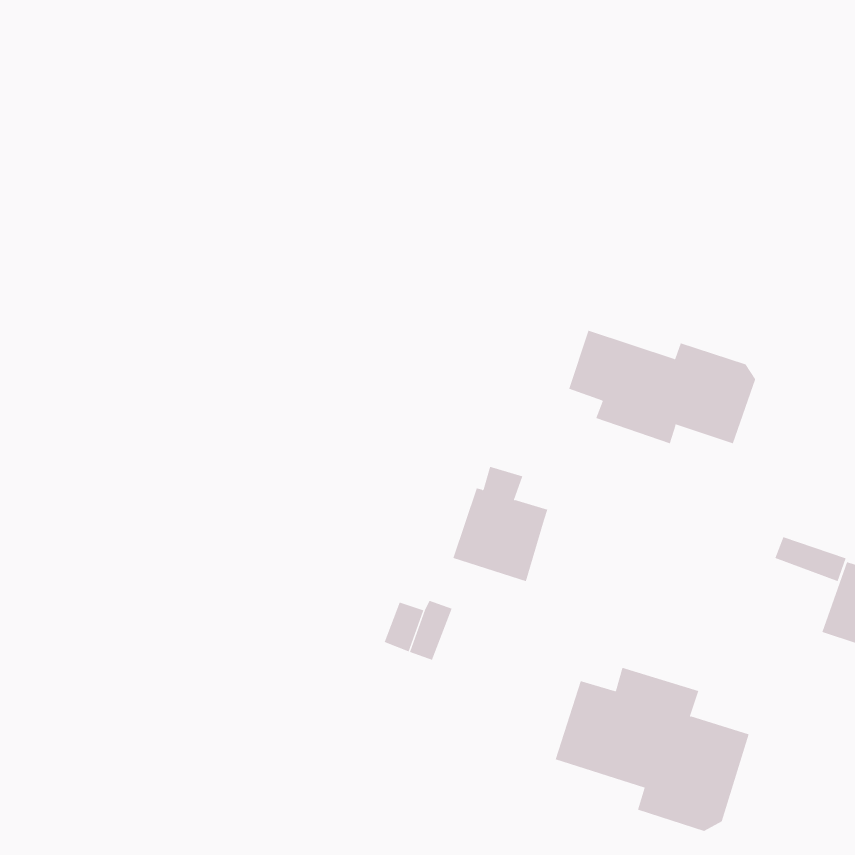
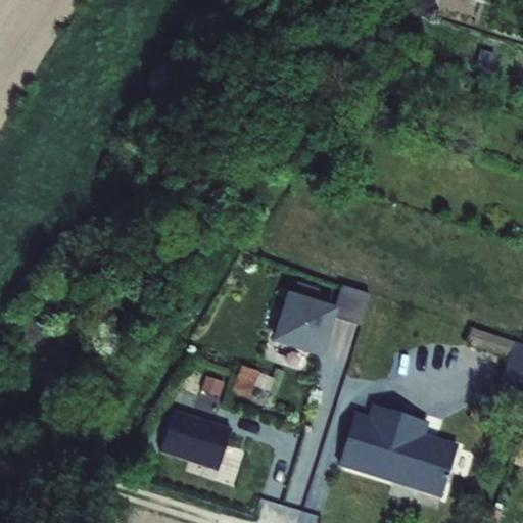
building: [568,330,756,444] -> none
building: none -> [333,286,373,326]
building: none -> [160,413,232,468]

